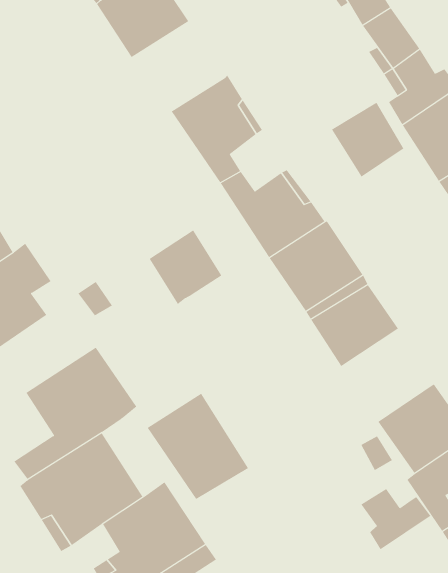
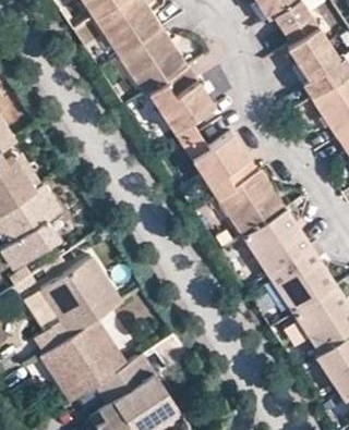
building: none -> [118,24,184,89]
building: [331,102,404,178] -> none
building: [149,229,222,305] -> none
building: none -> [267,243,334,309]
building: [147,393,249,500] -> none
building: [360,488,431,550] -> none

